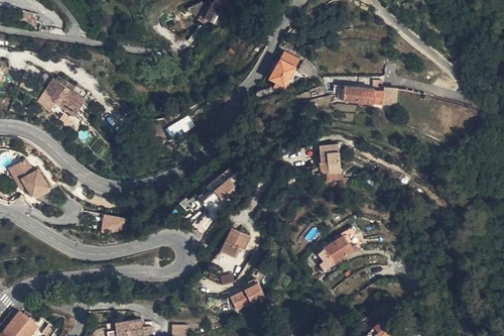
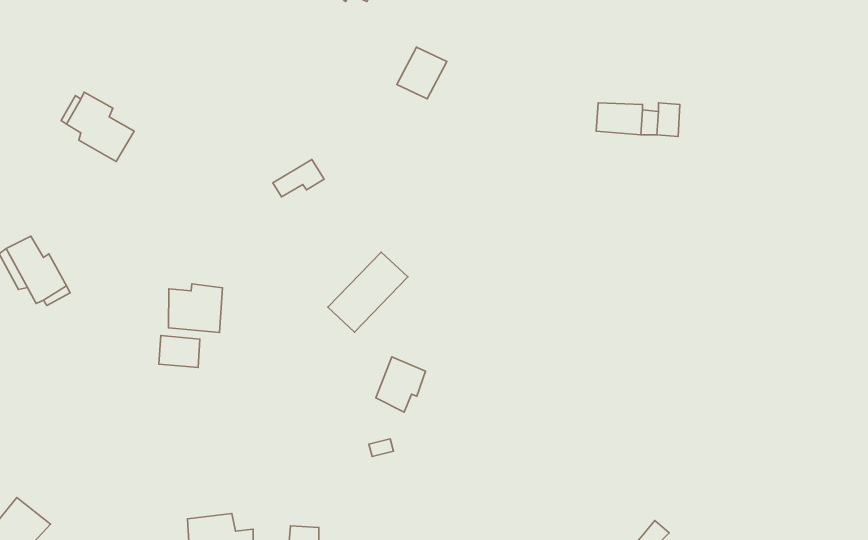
building: [267,53,295,83] -> [397,47,447,99]
building: [318,146,342,178] -> none
building: none -> [169,284,223,332]
building: [316,226,360,263] -> none
building: [228,285,263,314] -> none

